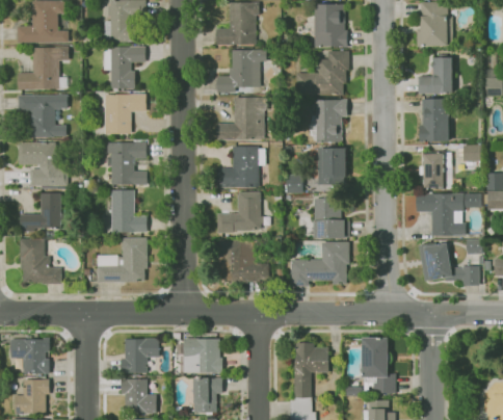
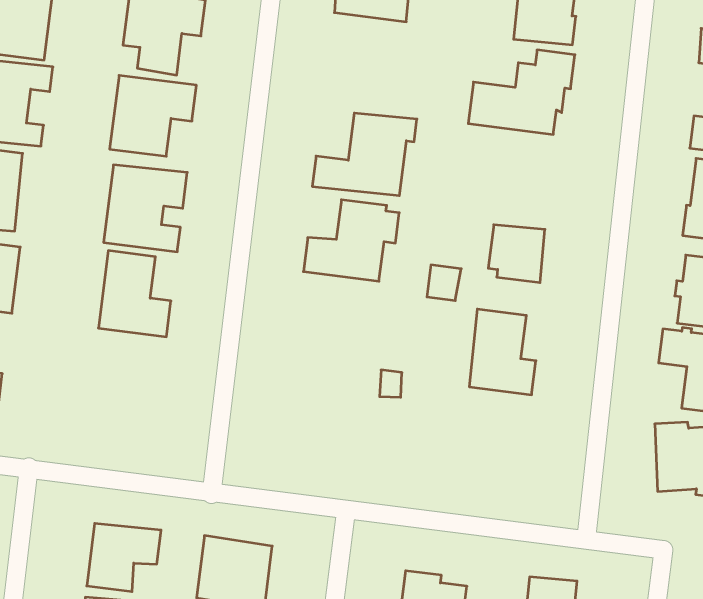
building: [215,49,267,93] -> none
building: [310,99,347,142] -> none
building: [217,191,263,233] -> none
building: [97,237,148,283] -> none
building: [218,239,269,284] -> none
building: [290,242,349,286] -> none

